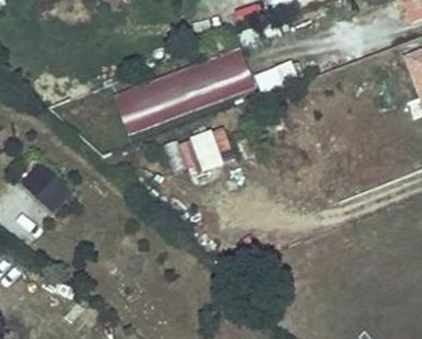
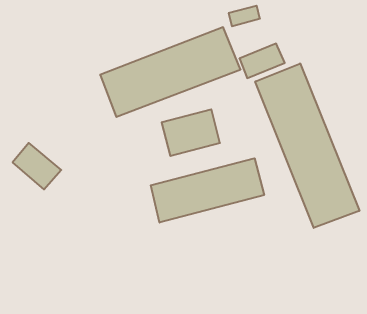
building: none -> [255,63,359,228]
building: none -> [151,158,264,223]

